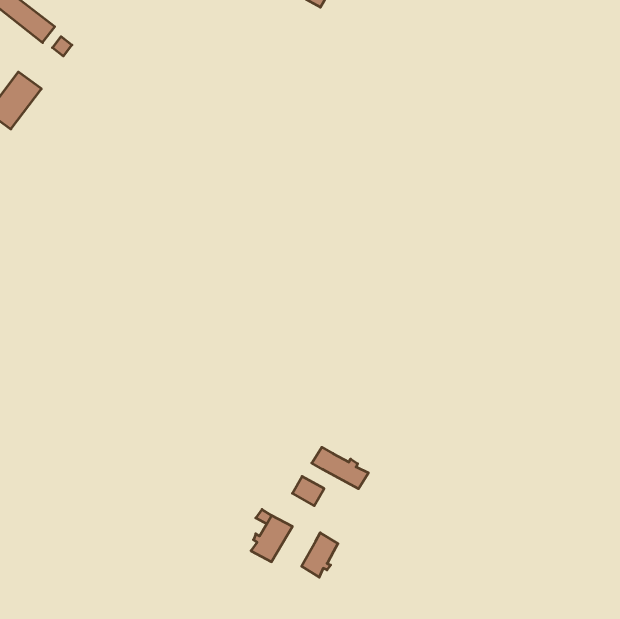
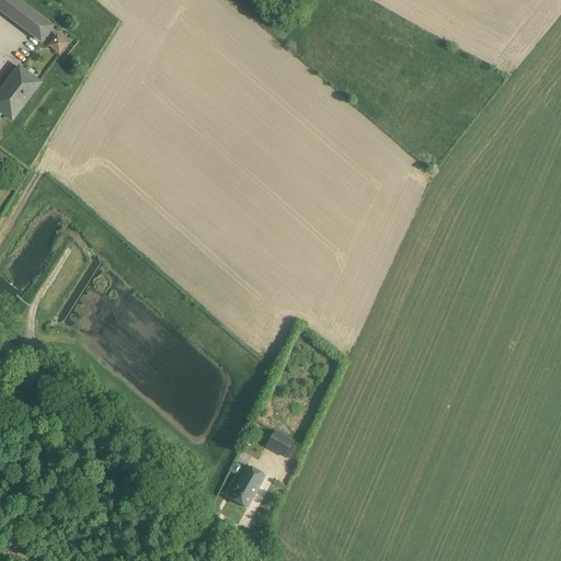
building: [312,447,368,489] -> none
building: [302,533,338,577] -> none

